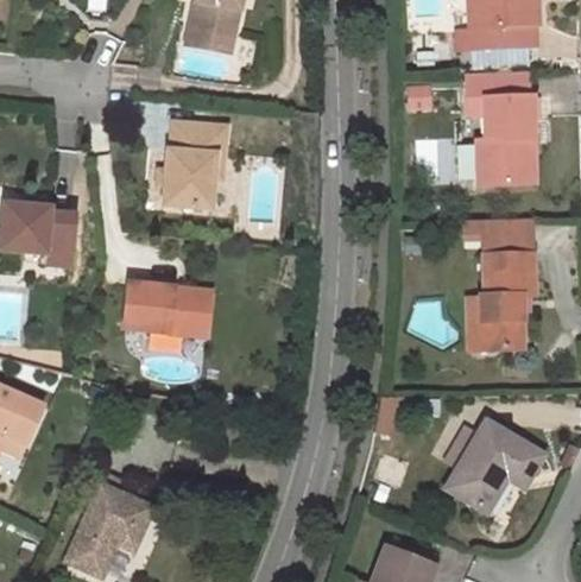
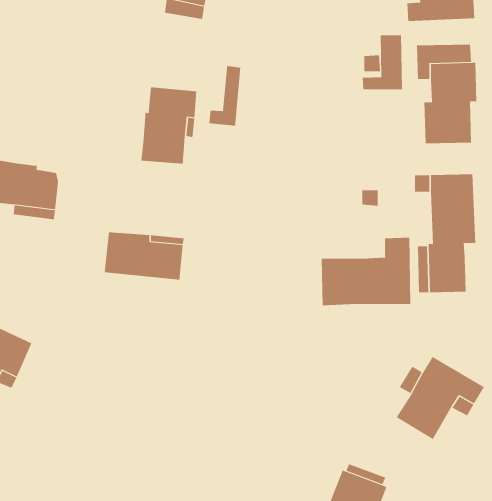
building: none -> [362,35,402,90]
building: none -> [209,65,241,127]
building: none -> [321,237,411,306]
building: [67,485,153,576] -> none

